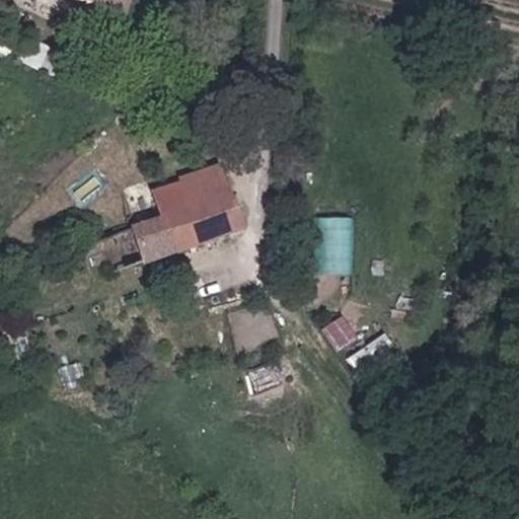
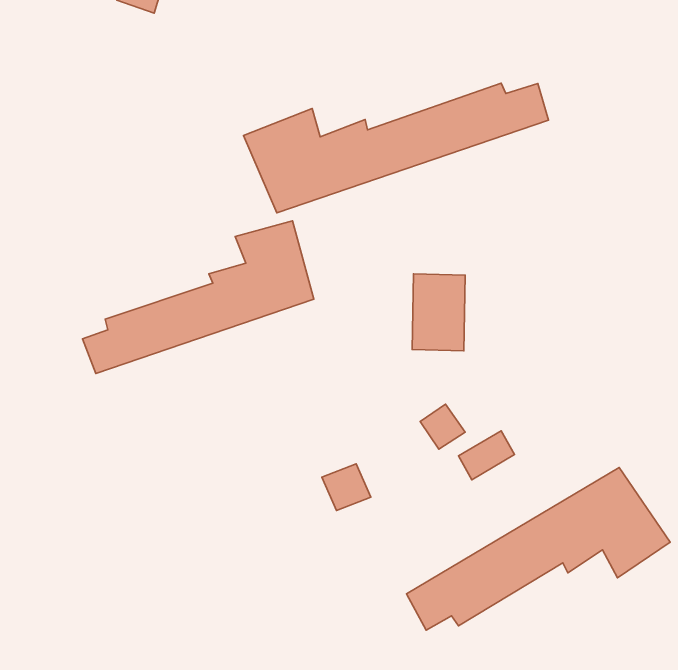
building: none -> [244,83,548,213]
building: none -> [406,467,670,630]

